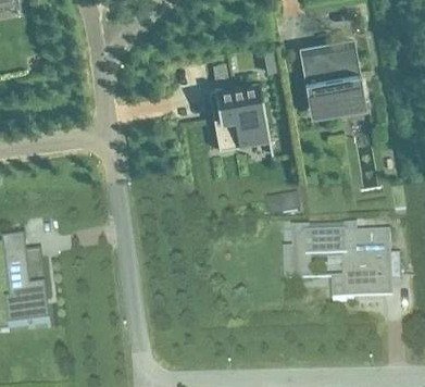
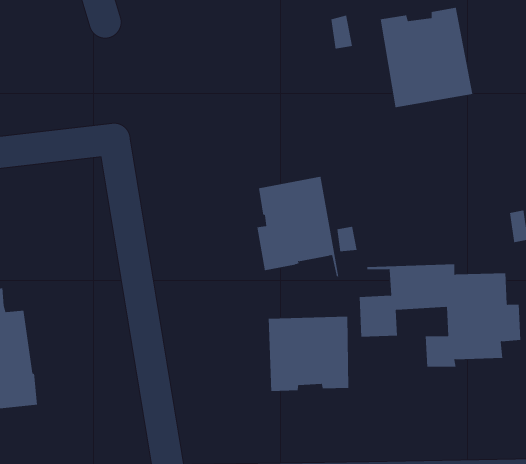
building: [212,79,272,152] -> [257,176,339,277]
building: none -> [268,316,349,392]

